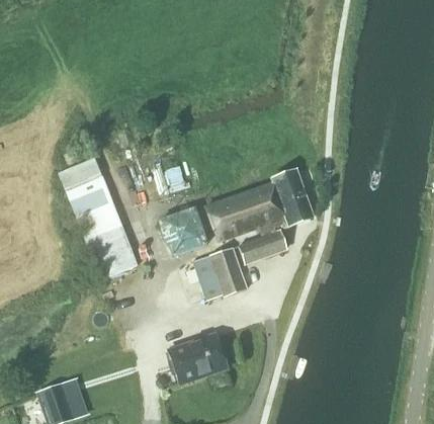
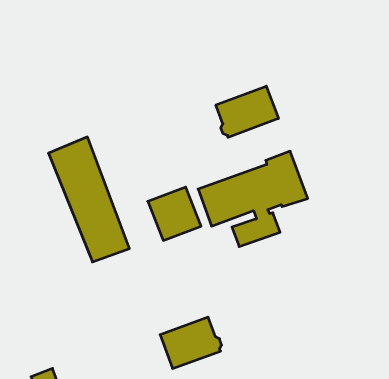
building: none -> [216,86,278,137]
building: [193,247,247,301] -> none

